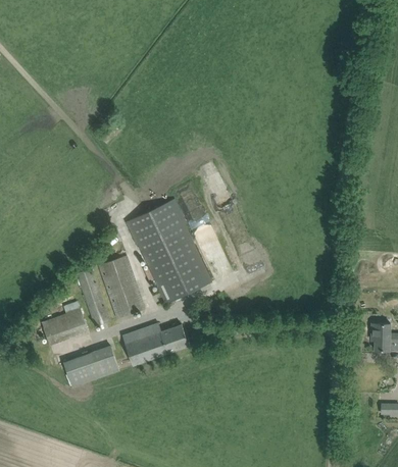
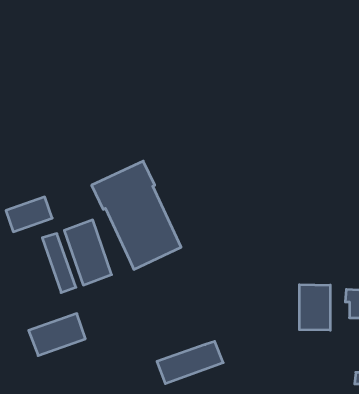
building: [42,308,87,342] -> [6,197,52,232]
building: none -> [299,285,330,330]
building: [125,324,189,365] -> [157,341,223,384]

